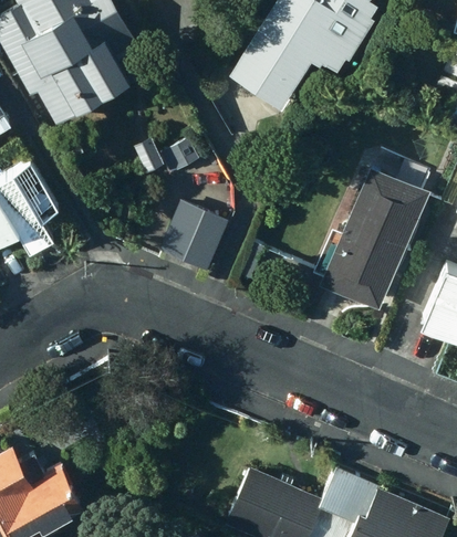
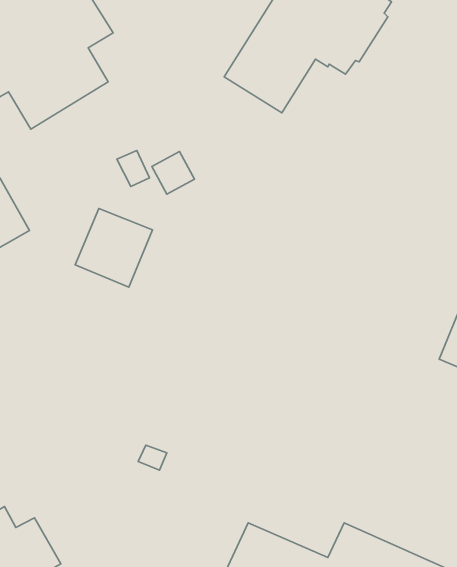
building: [314,167,430,309] -> none
building: [159,203,228,273] -> [75,209,152,287]

